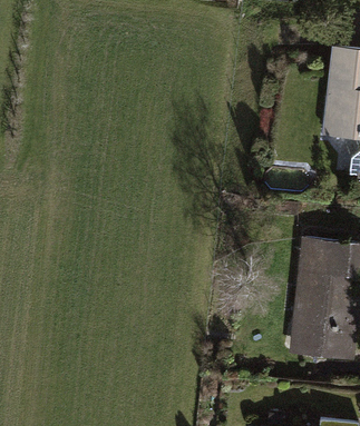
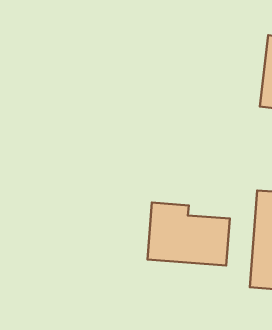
building: none -> [148,202,230,266]

